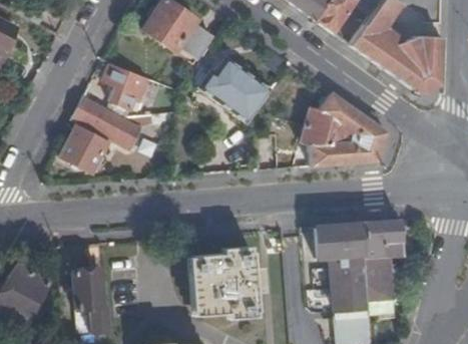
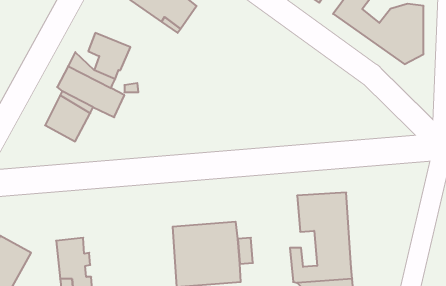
building: [188,56,272,121] -> none
building: [304,91,387,166] -> none
building: [363,220,403,298] -> none

